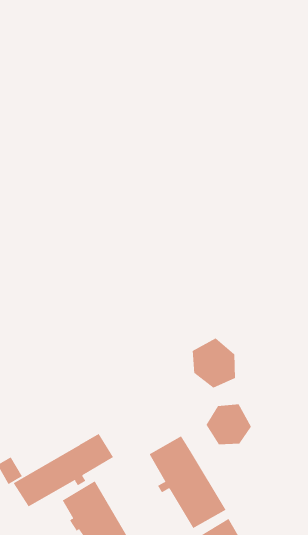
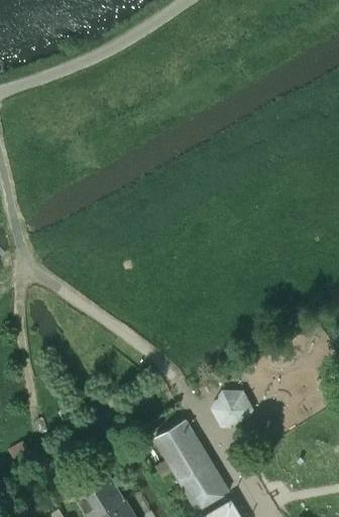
building: [192,338,235,389] -> none
building: [13,433,114,507] -> none

